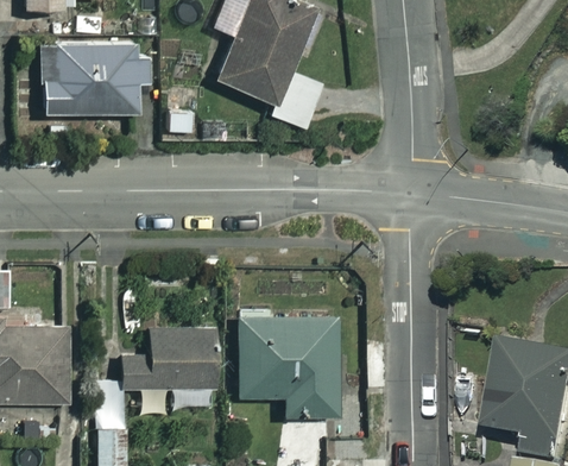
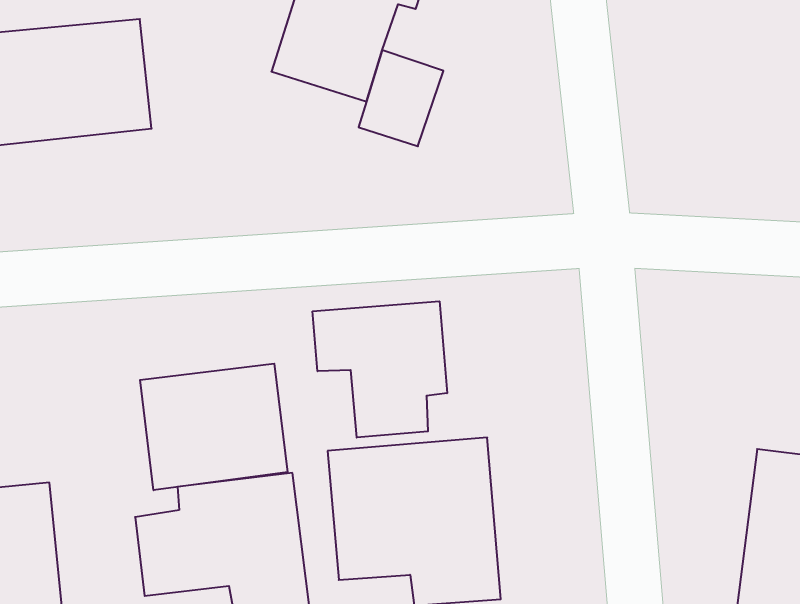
building: none -> [313,301,447,438]
building: none -> [140,364,288,490]

